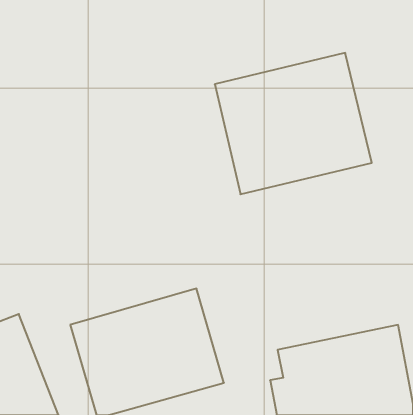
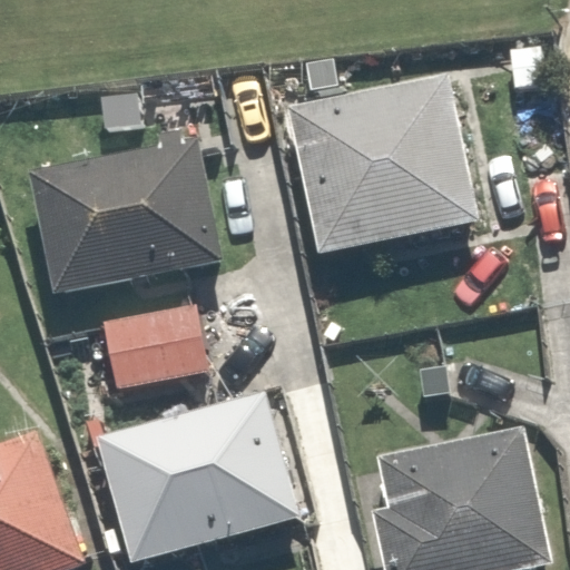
building: none -> [20,145,216,294]
building: none -> [98,301,212,390]

